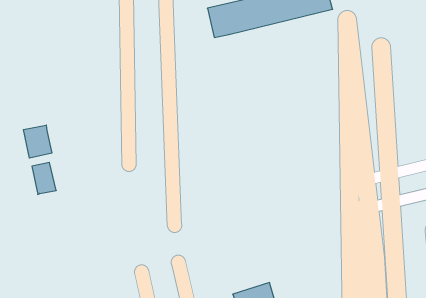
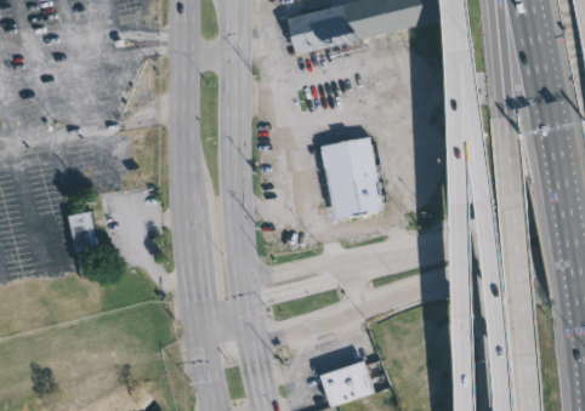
building: none -> [320,136,385,218]
building: [23,125,52,158] -> none

